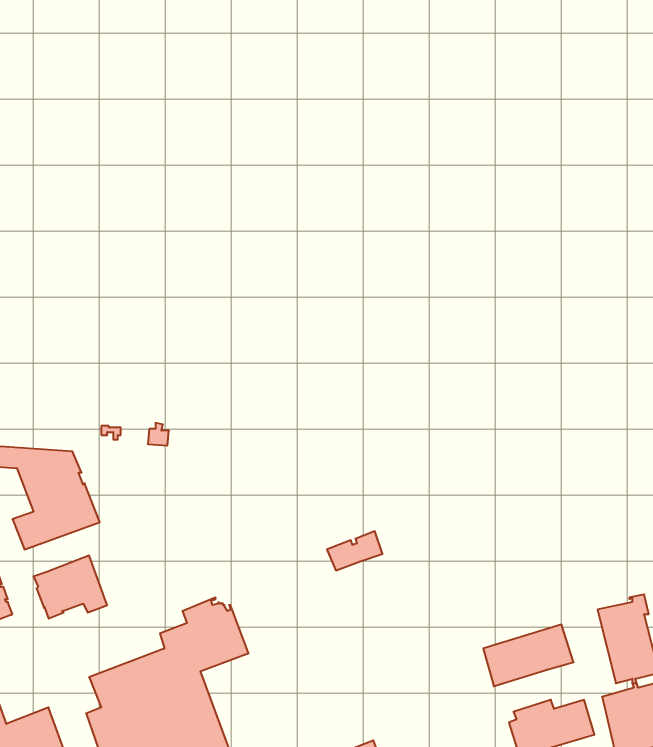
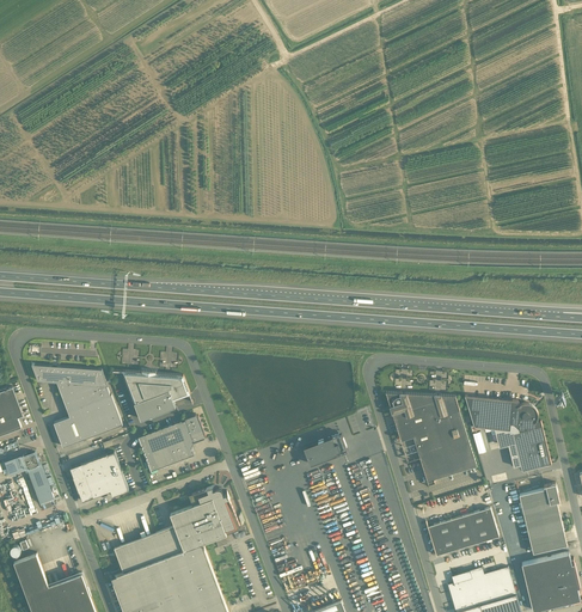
building: none -> [114,371,190,422]
building: none -> [384,393,476,486]
building: none -> [464,397,550,472]
building: none -> [137,416,204,472]

